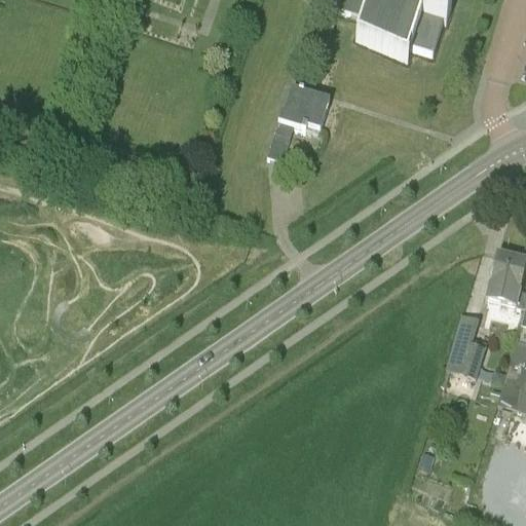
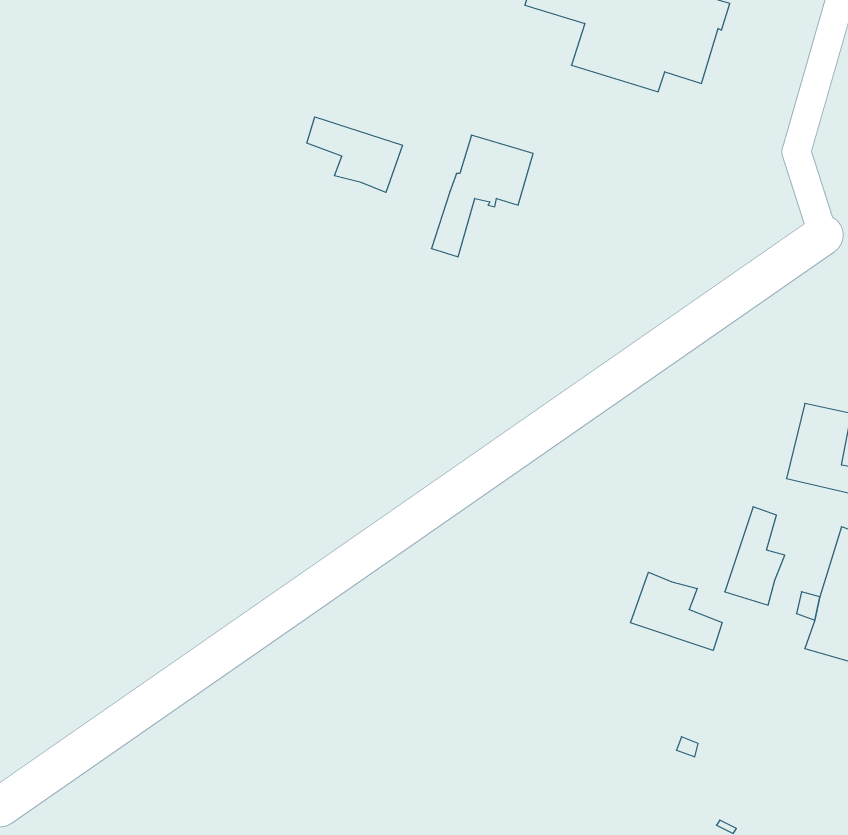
building: none -> [307,117,402,192]
building: none -> [631,572,722,650]

